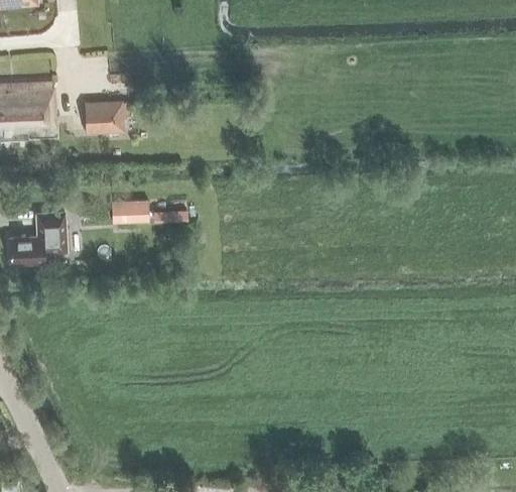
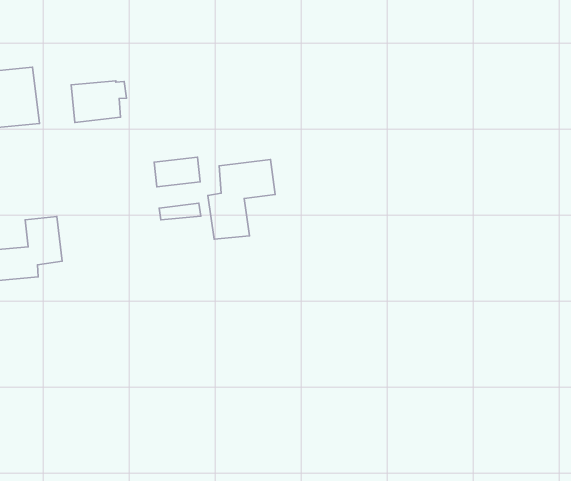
building: none -> [208,160,275,239]
building: [109,199,147,222] -> [154,157,200,187]

